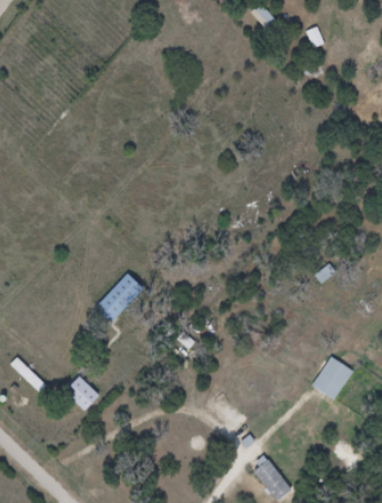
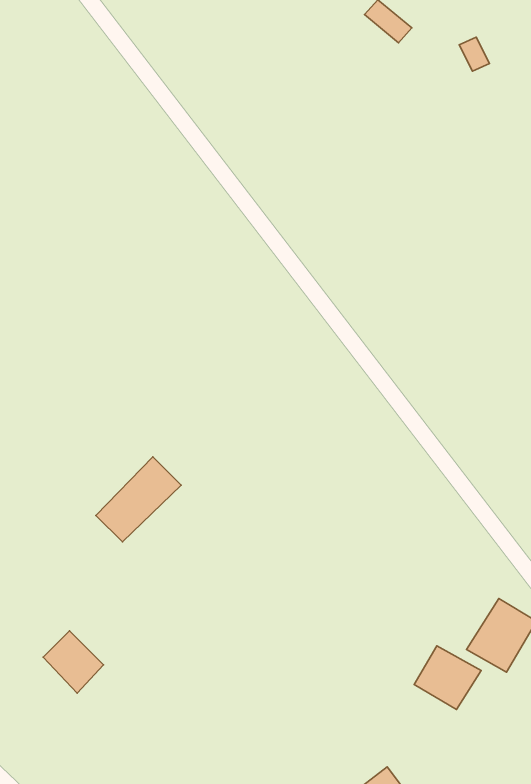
building: none -> [414,646,481,710]

